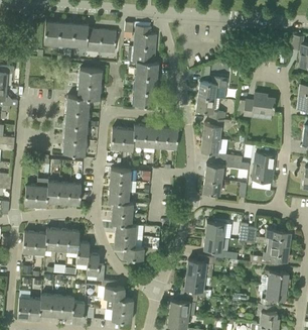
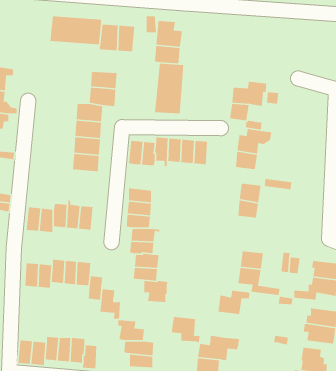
building: [242,92,275,117] -> none
building: [253,152,275,182] -> none
building: [184,273,209,297] -> [171,316,201,343]

